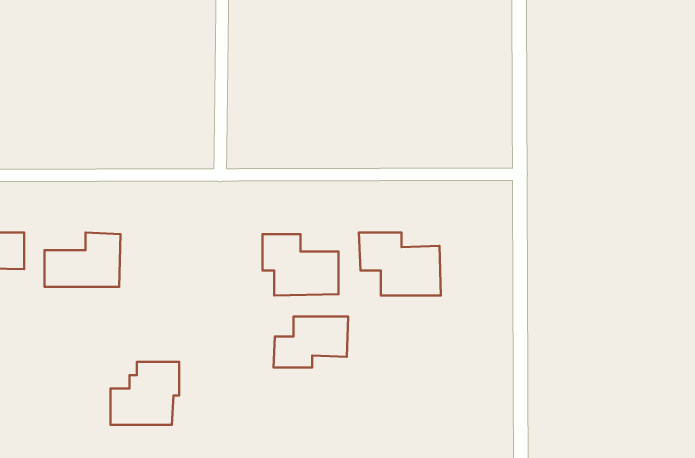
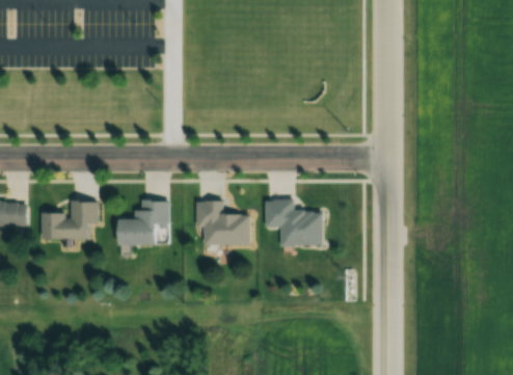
building: [274,316,348,367] -> none
building: [111,362,179,425] -> [119,200,168,245]

